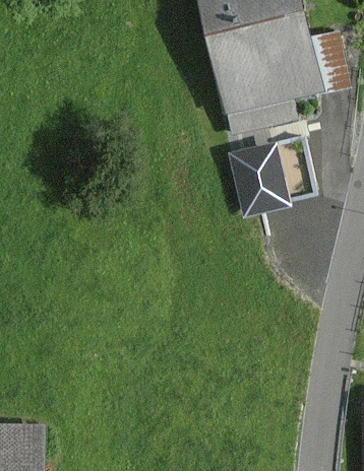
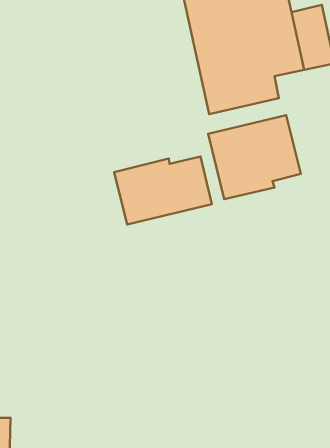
building: none -> [114,157,212,225]

